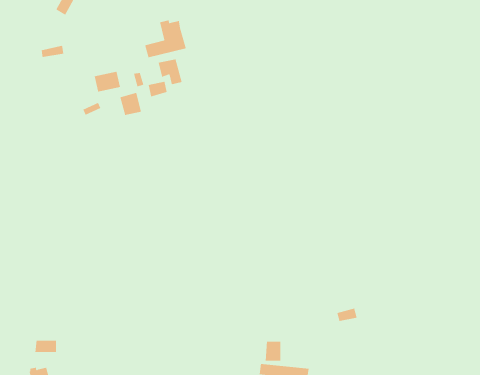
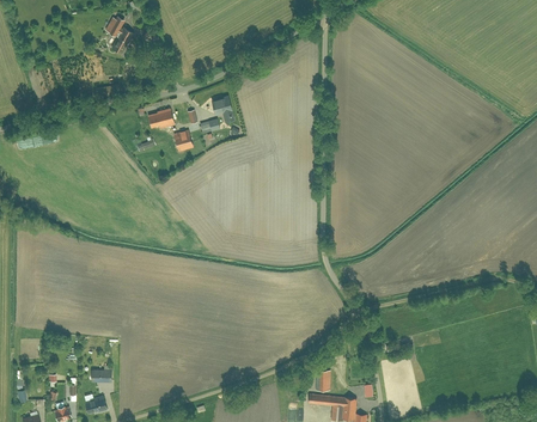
building: [145,20,186,58] -> none

